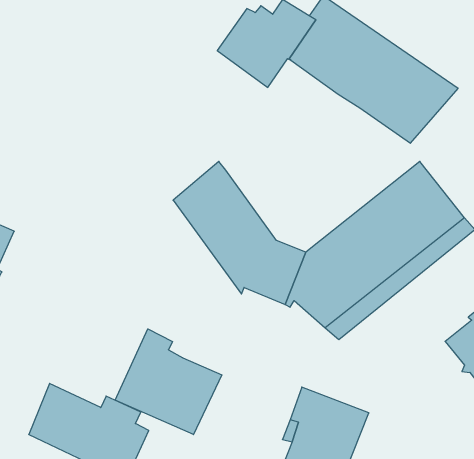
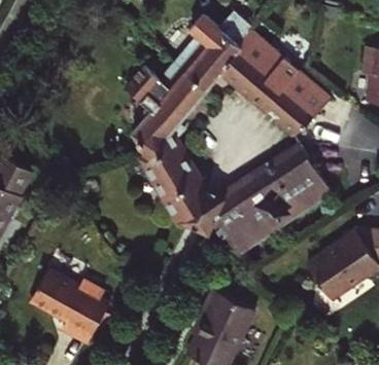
building: none -> [127,62,206,156]
building: [115,329,222,435] -> none

